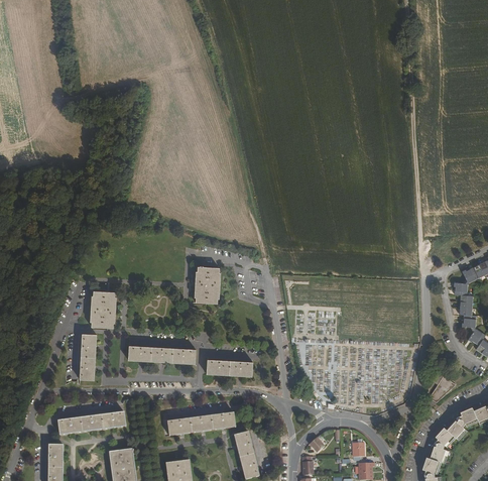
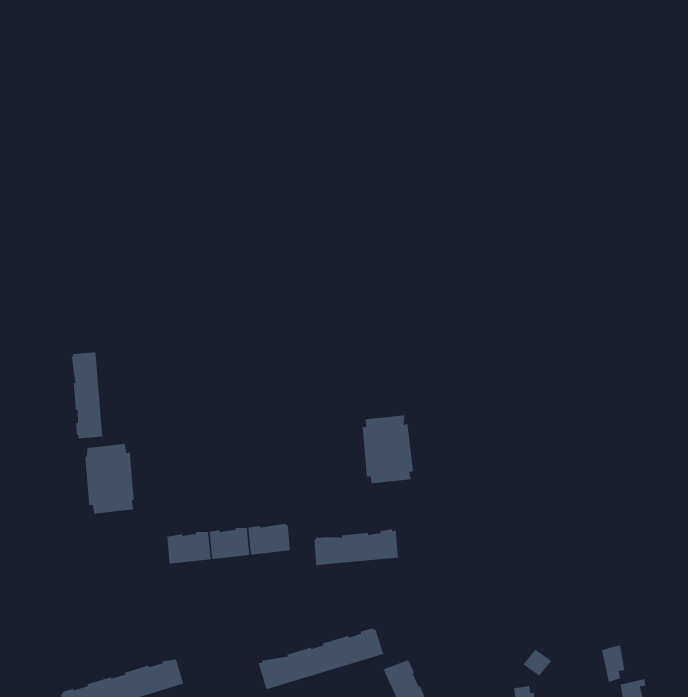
building: none -> [71,352,103,439]
building: [193,266,220,303] -> [362,415,414,484]
building: [78,333,96,380] -> none

